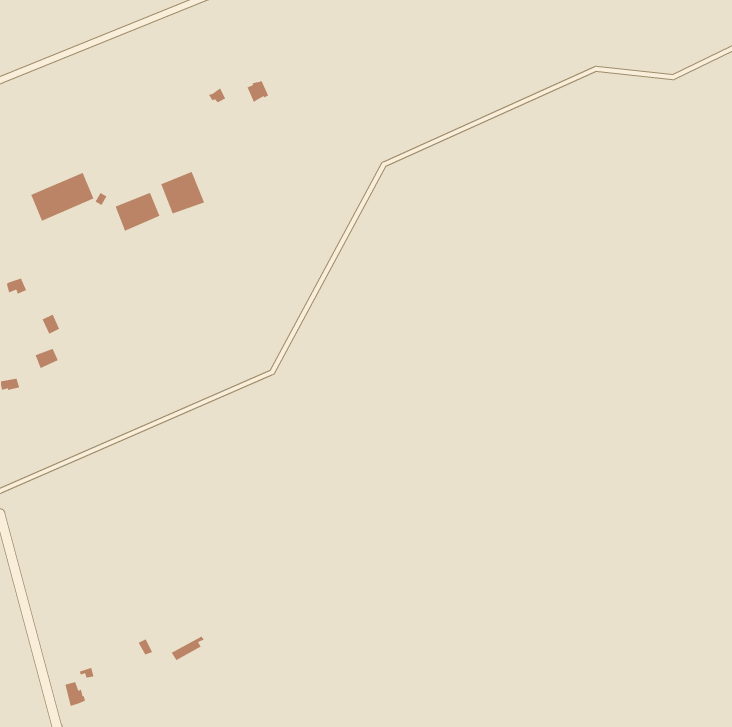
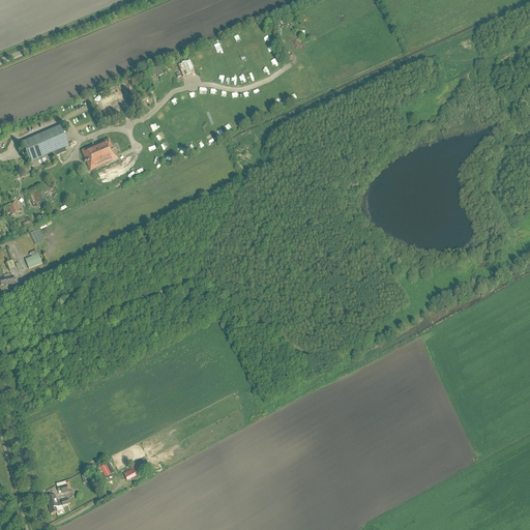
building: [160,171,205,214] -> none

